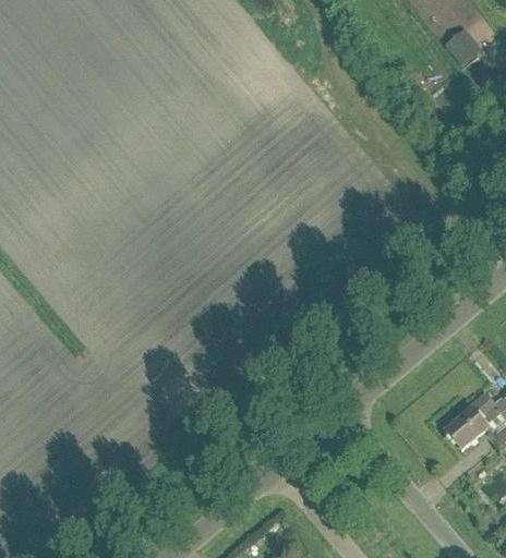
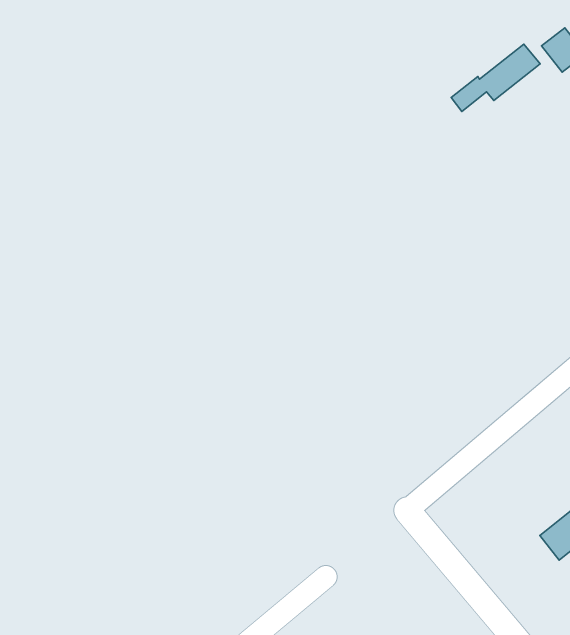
building: none -> [451,44,540,112]

